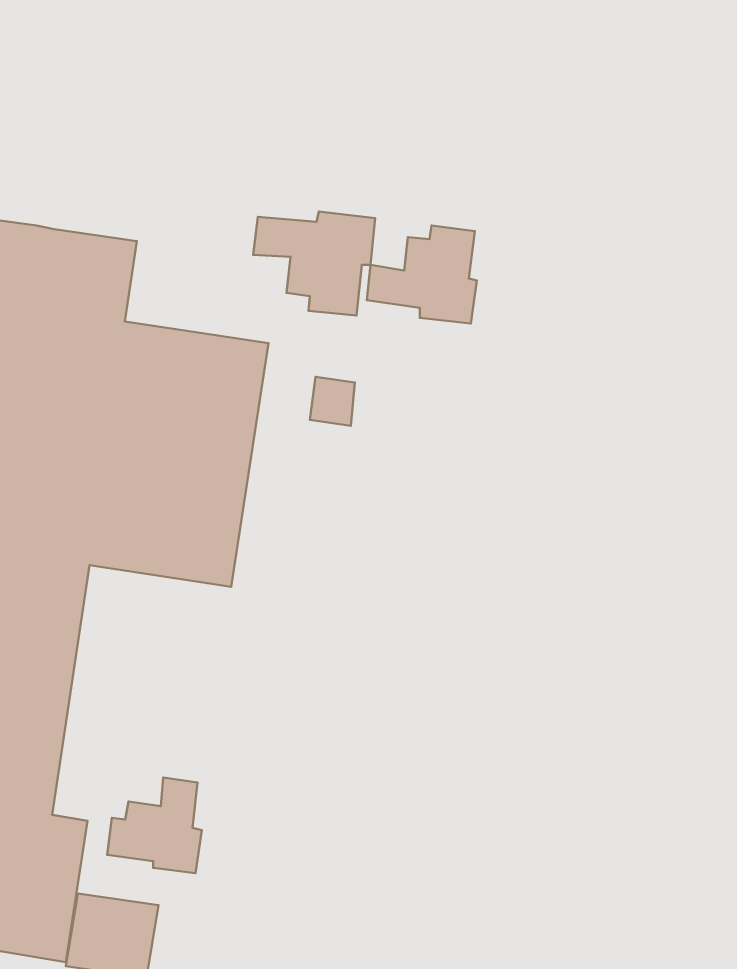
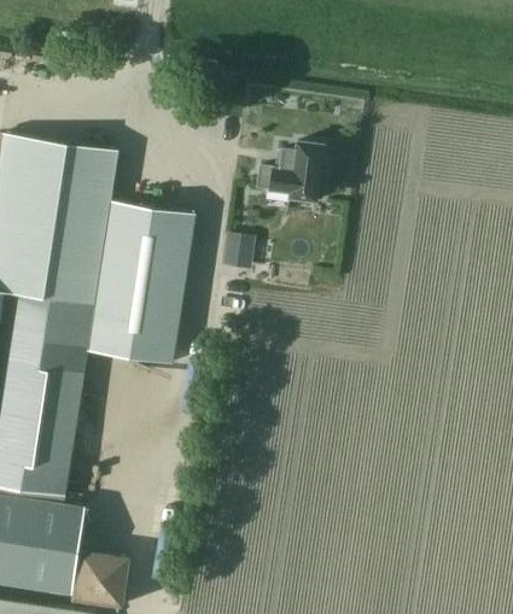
building: [253,212,375,315] -> none
building: [107,777,202,873] -> none

